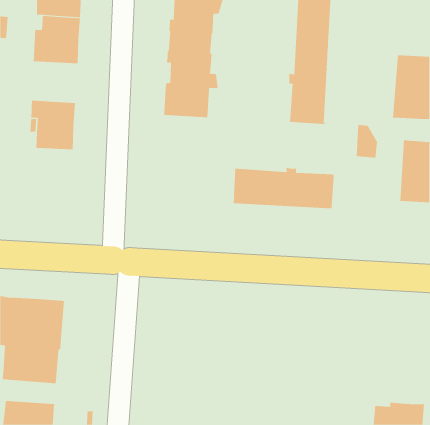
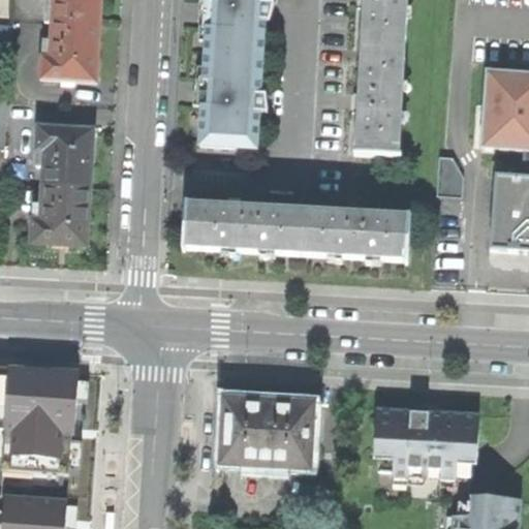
building: none -> [31,182,90,242]
building: none -> [183,199,287,250]
building: none -> [221,397,312,470]
building: none -> [374,406,478,473]

